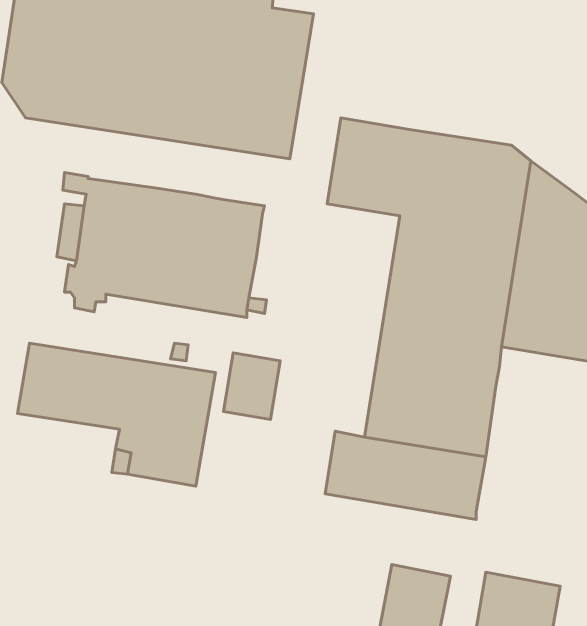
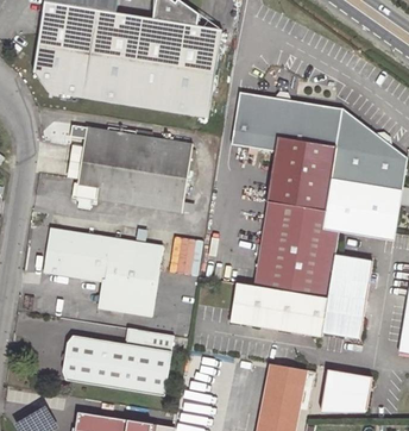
building: none -> [321,255,371,337]
building: none -> [62,327,174,395]

